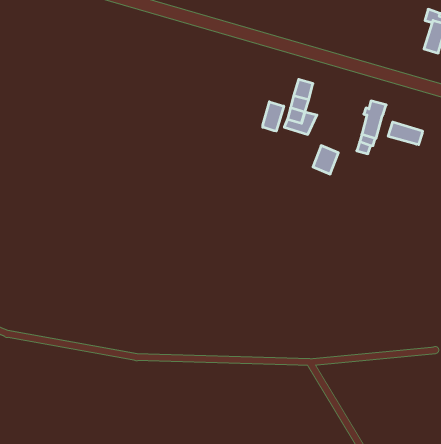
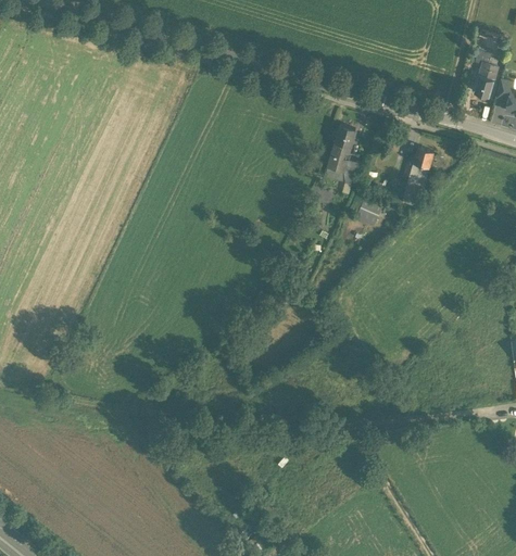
building: [263,102,284,131] -> none
building: [388,122,422,145] -> none

